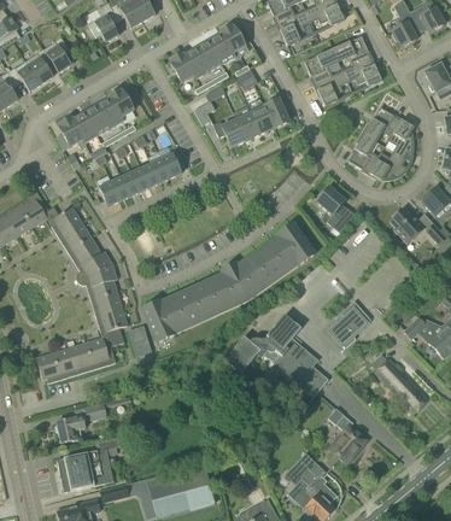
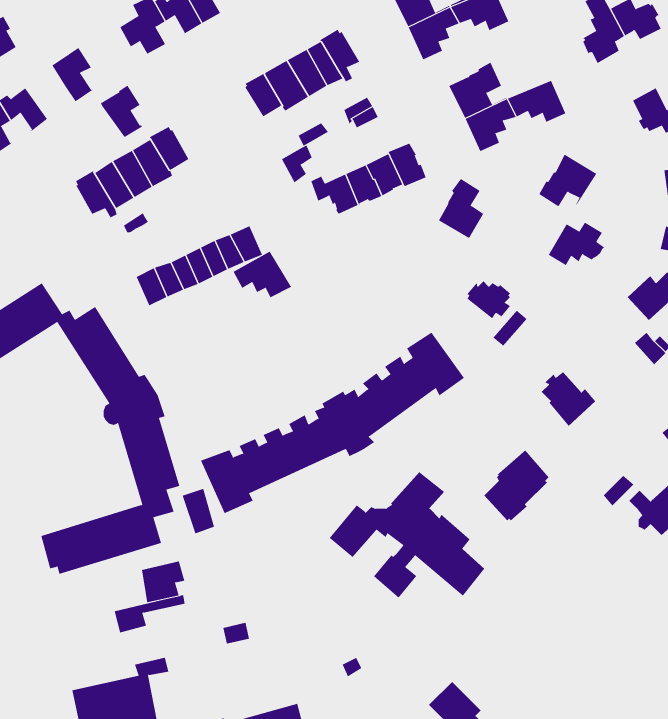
building: [332,35,371,70] -> none
building: [25,48,53,83] -> [100,85,142,138]
building: [388,119,414,158] -> none
building: [348,133,381,172] -> [438,178,488,239]
building: none -> [233,251,292,298]
building: [390,207,426,244] -> [541,372,596,427]
building: [374,357,429,414] -> none
building: [326,406,367,463] -> none
building: [57,415,86,443] -> [141,561,185,603]

